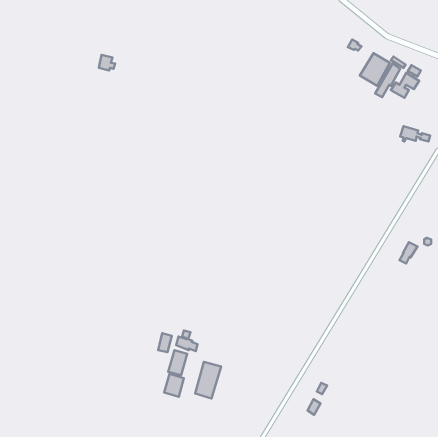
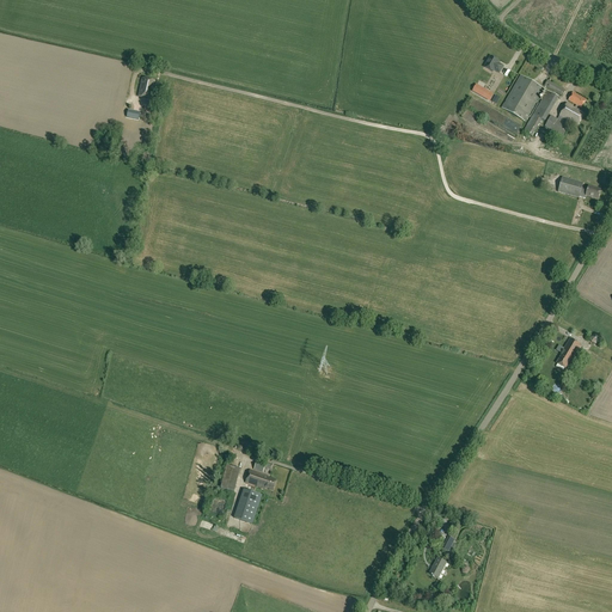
building: [195,362,221,398] -> none
building: [164,374,184,397] -> none

